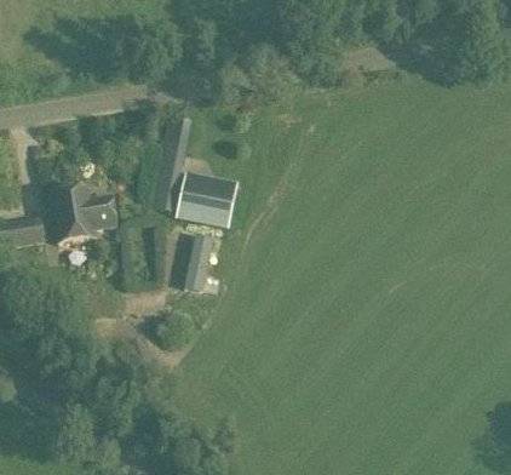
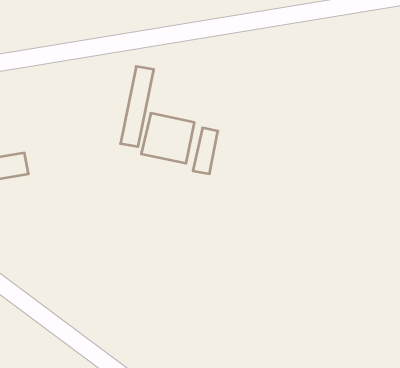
building: [47,187,115,240] -> none
building: [185,242,214,296] -> [193,128,218,174]

